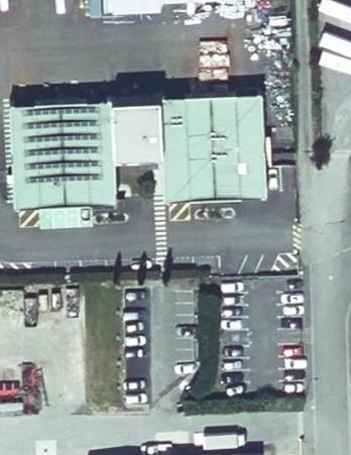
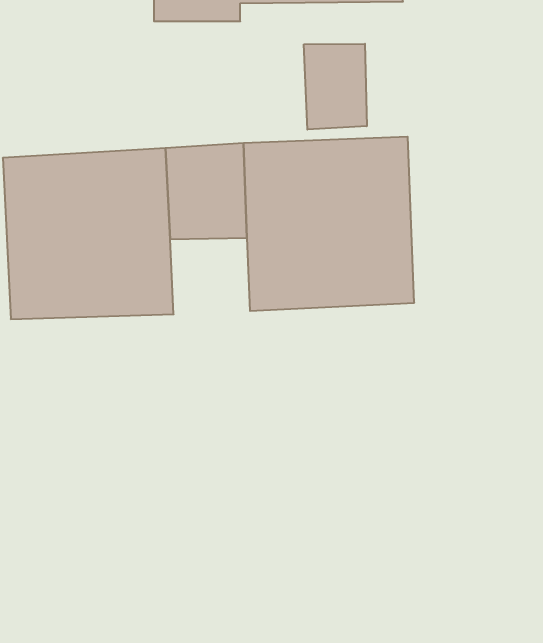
building: none -> [304,44,367,130]

